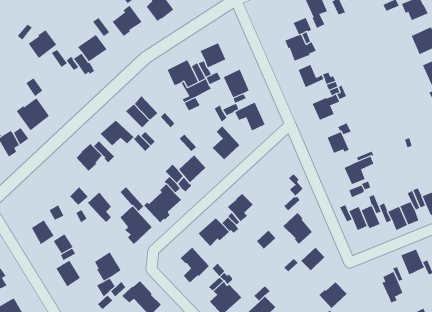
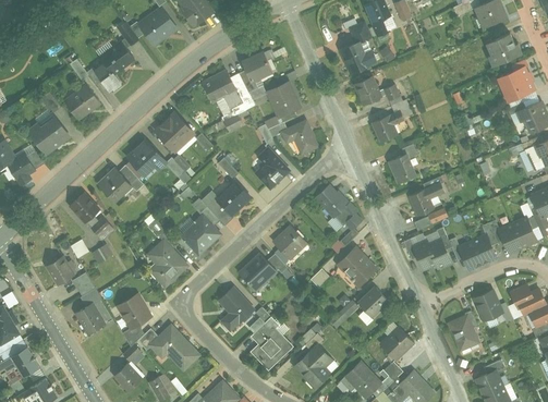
building: [27,30,57,59] -> [65,85,100,119]
building: none -> [316,184,350,217]
building: [87,192,112,223] -> [70,193,98,229]

